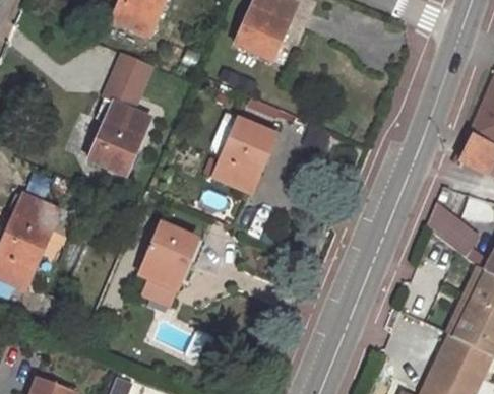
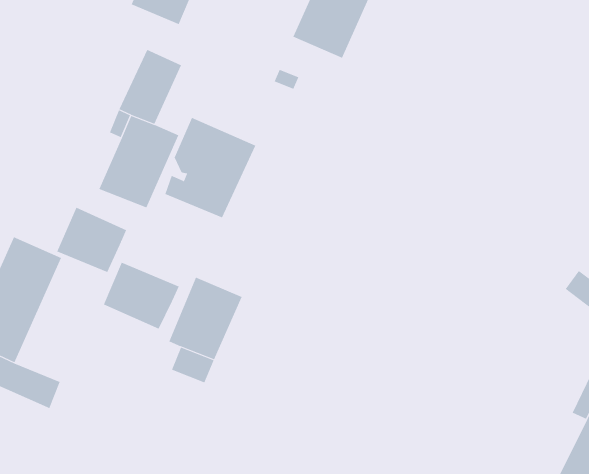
building: [205,113,274,189] -> [165,117,256,218]
building: none -> [56,207,127,273]
building: none -> [103,262,179,329]

